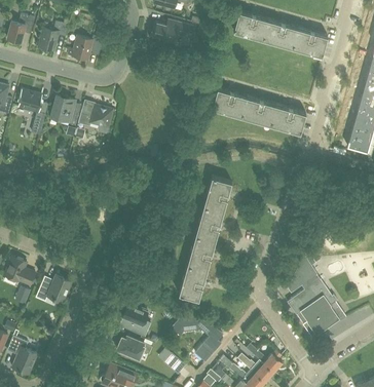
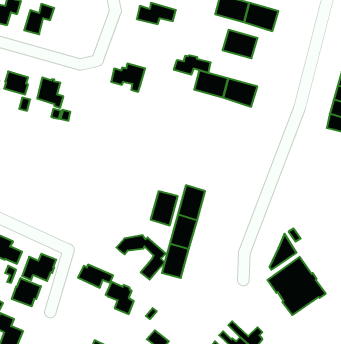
building: [292,28,328,56] -> [222,30,258,58]
building: [68,36,102,61] -> none
building: none -> [174,55,211,75]
building: [78,105,113,133] -> [111,64,145,92]
building: [270,105,306,133] -> none
building: [203,177,231,211] -> [151,191,178,225]
building: none -> [12,278,41,306]
building: [172,316,222,361] -> [116,235,166,280]
building: [116,336,152,359] -> [78,265,113,288]

